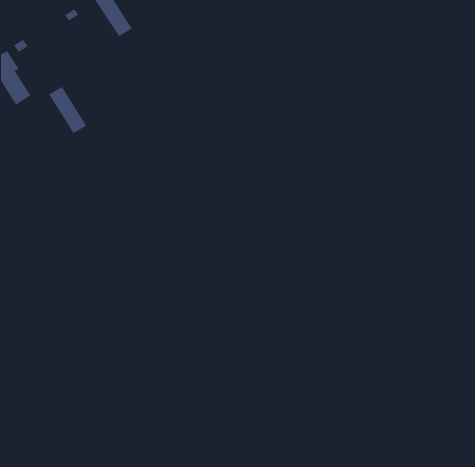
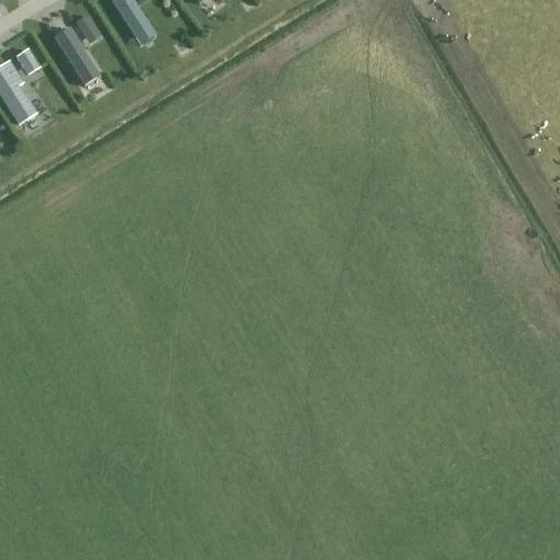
building: [48,86,87,134] -> [54,26,100,83]

